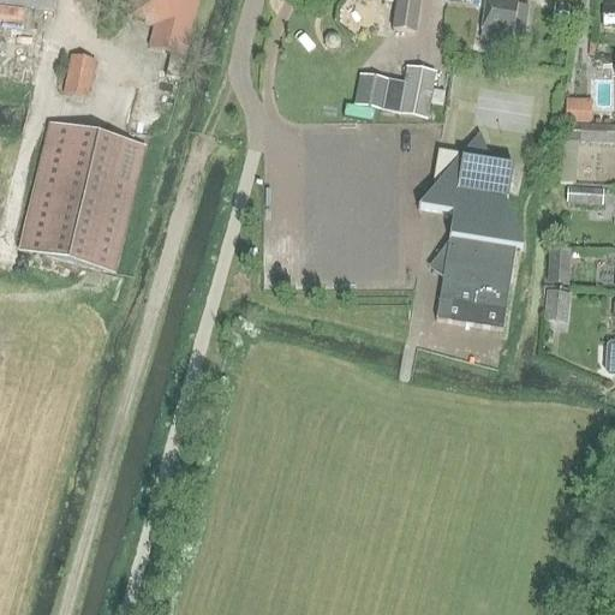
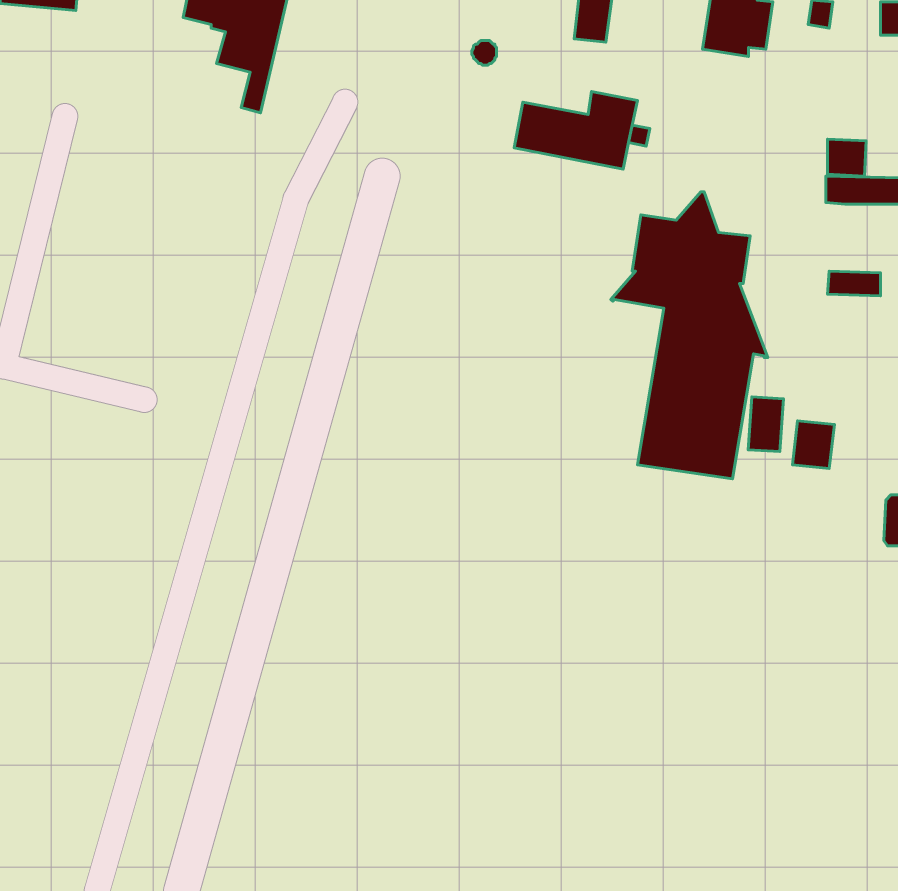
building: [64,52,95,94] -> none
building: [19,120,145,269] -> none
building: [548,245,572,282] -> [748,397,783,452]

